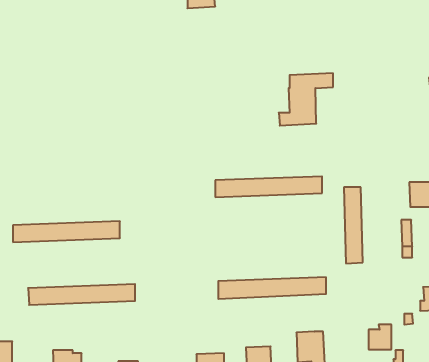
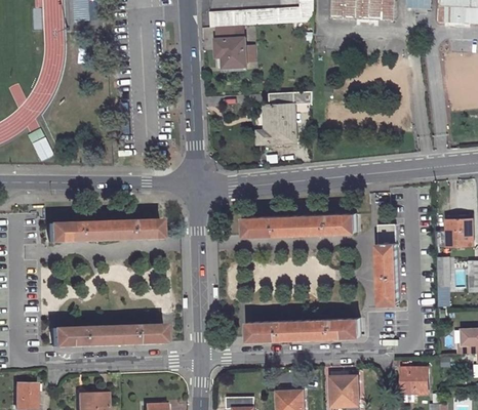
building: none -> [216,37,247,67]
building: [279,73,333,126] -> [255,91,312,146]
building: [13,221,120,242] -> [47,220,158,242]

